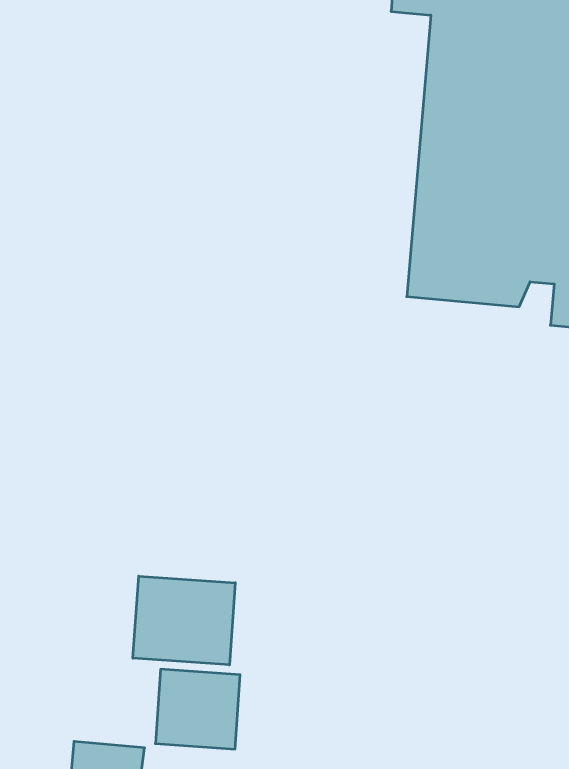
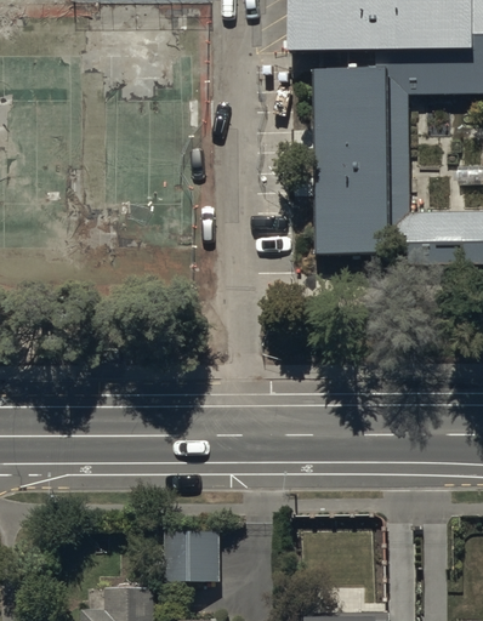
building: [133,576,235,665] -> none

